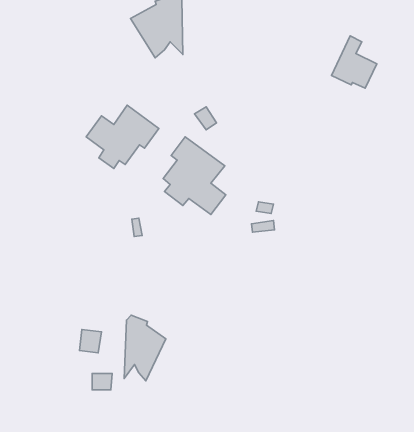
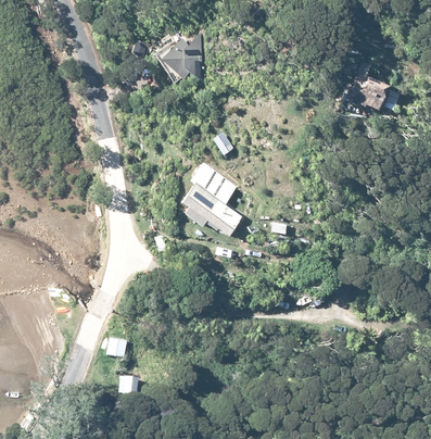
building: [86,105,159,169] -> none
building: [124,315,166,381] -> none

